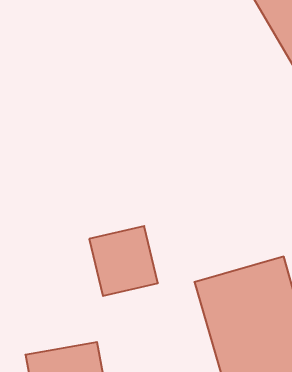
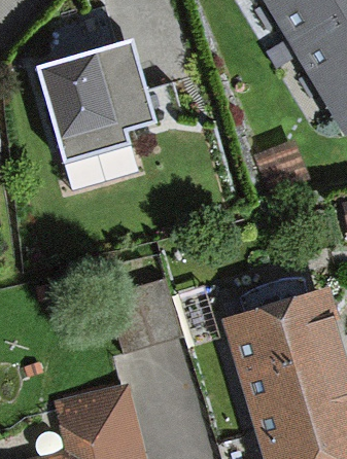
building: none -> [42,35,151,152]

